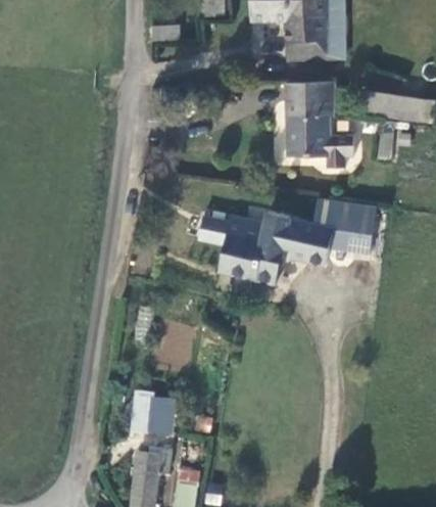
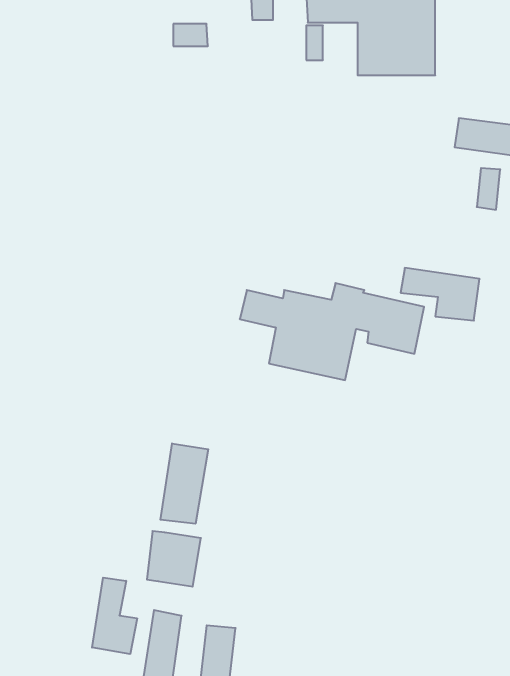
building: [287,81,353,168] -> none
building: none -> [160,443,208,524]
building: none -> [92,578,137,654]

